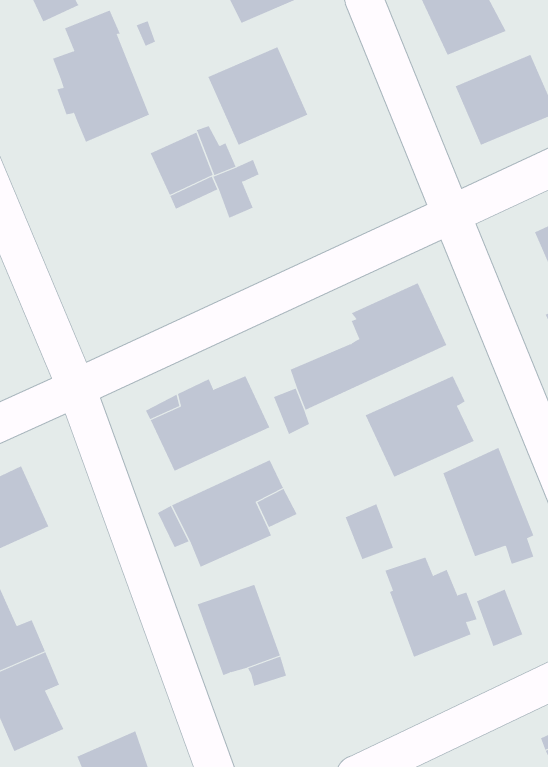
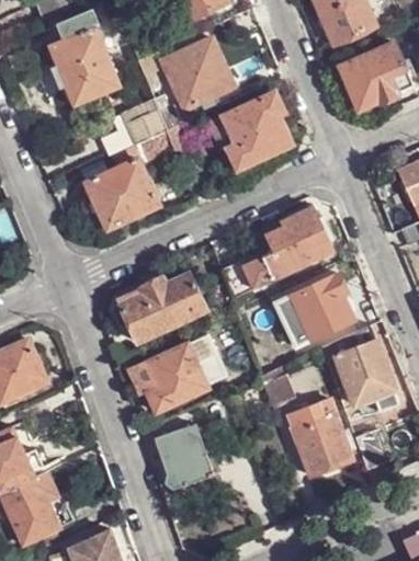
building: none -> [210,92,291,170]
building: none -> [86,160,158,228]

